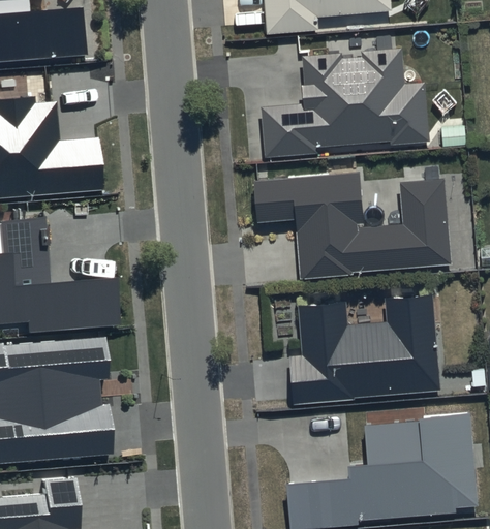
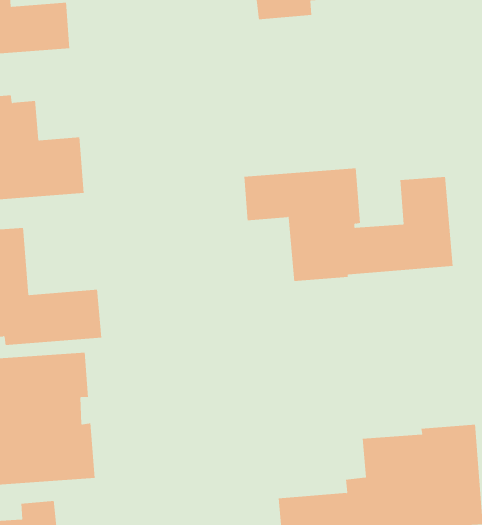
building: [259,45,430,156] -> none
building: [289,293,440,404] -> none

